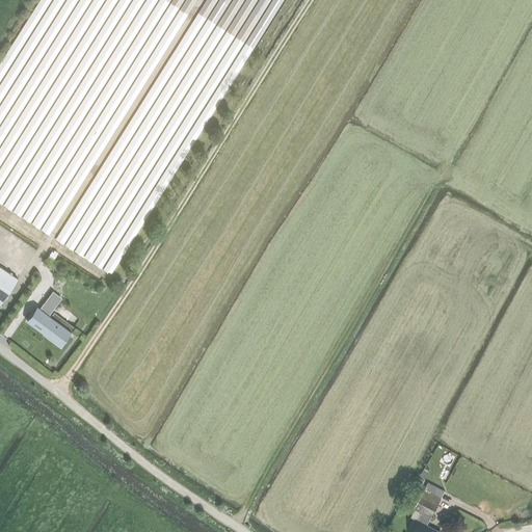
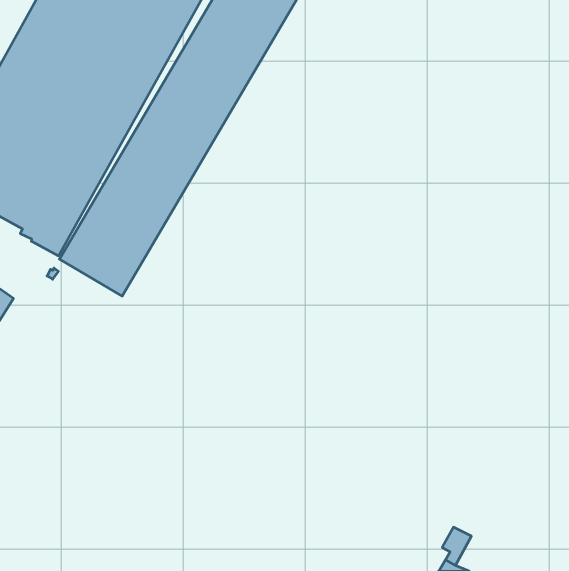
building: [23,301,71,345] -> none

